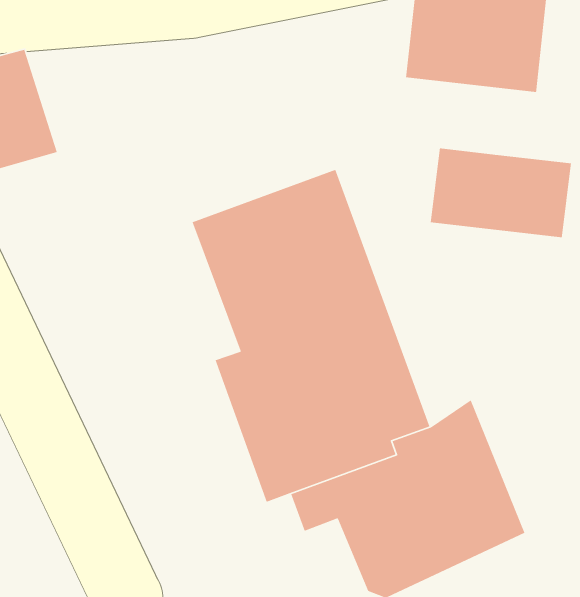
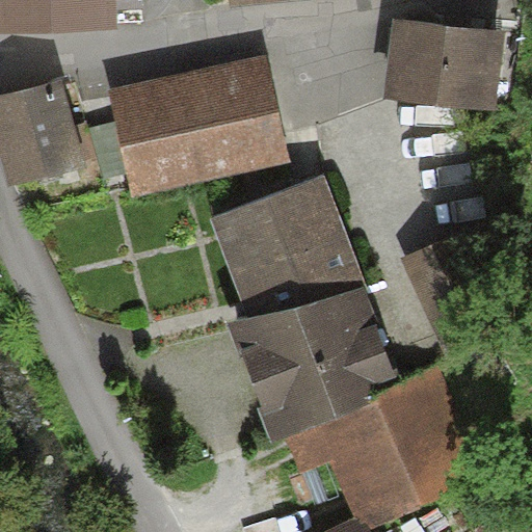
building: none -> [109,56,285,190]
building: [430,148,572,238] -> none

